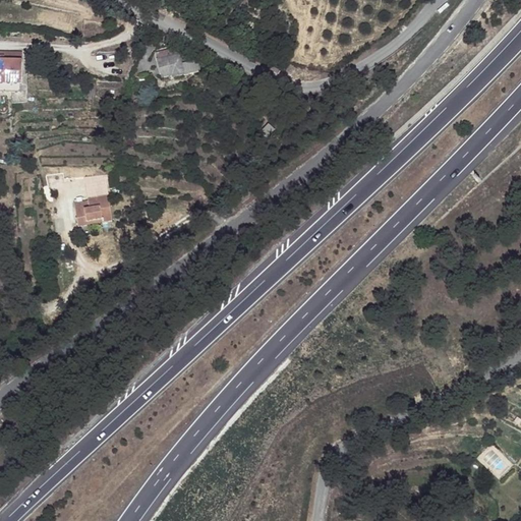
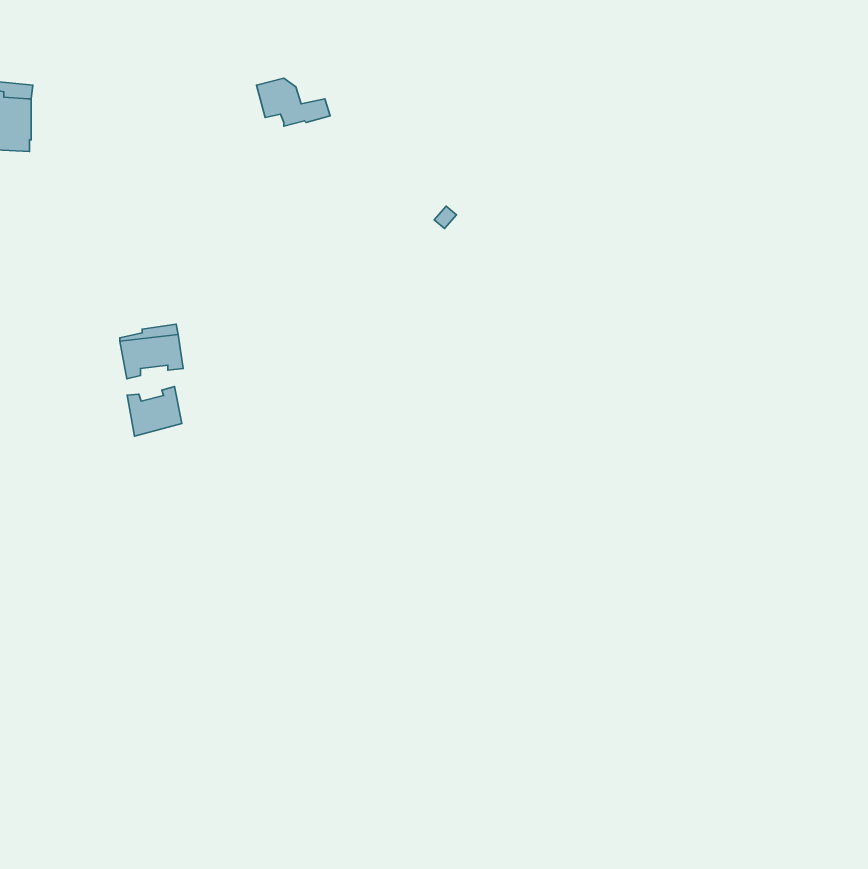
building: none -> [127,387,182,436]

